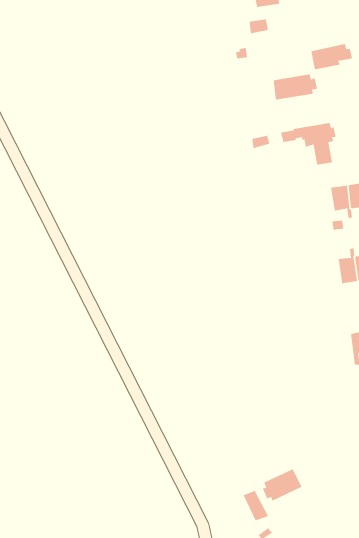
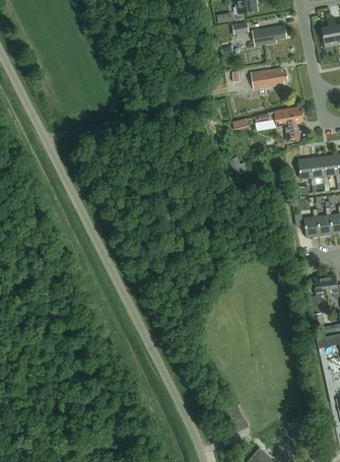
building: [310,44,353,70] -> [253,24,287,46]
building: [262,469,302,502] -> none

